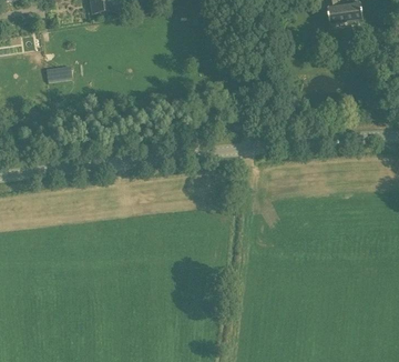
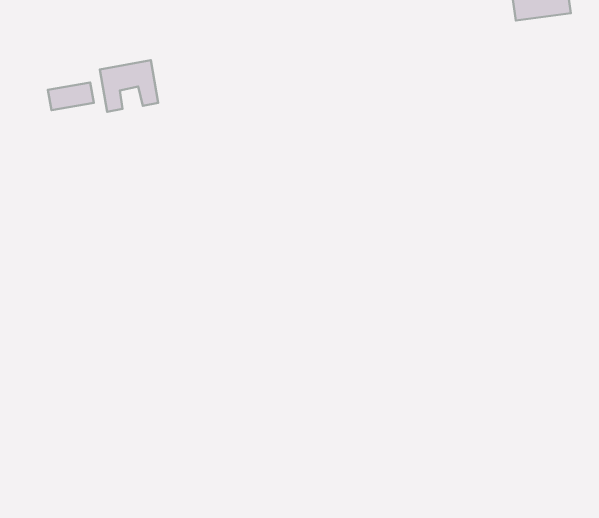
building: none -> [100,60,158,112]

